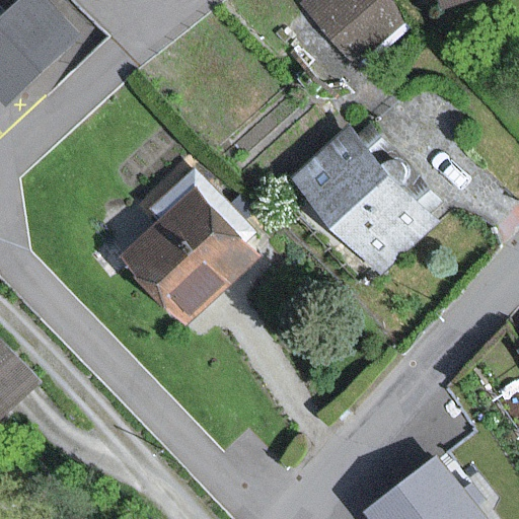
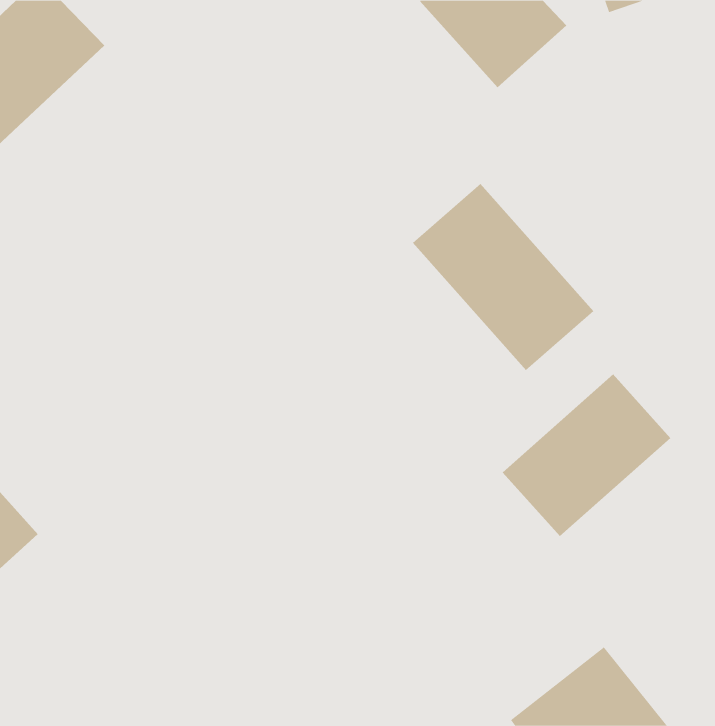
building: [121,177,262,326] -> none
building: none -> [502,374,671,537]

